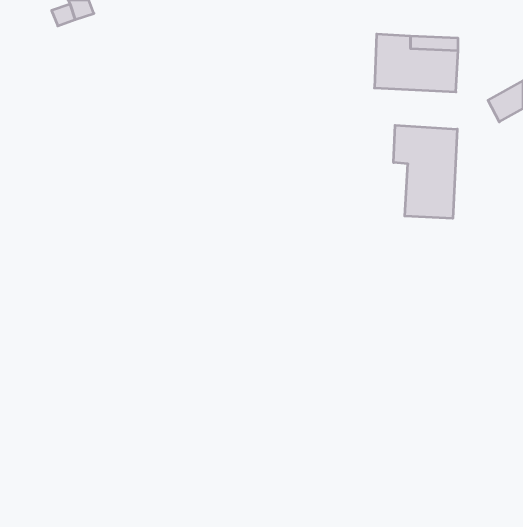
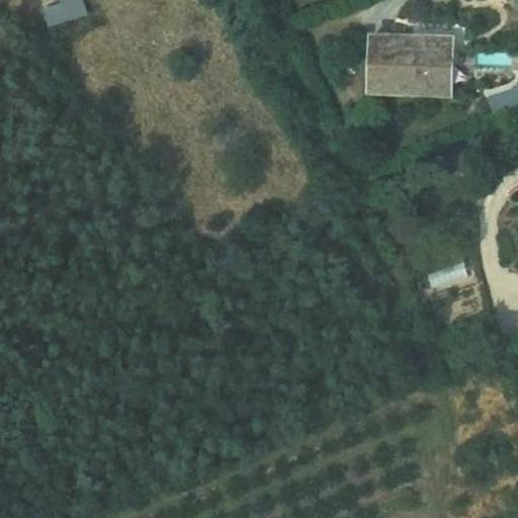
building: [394,125,457,218] -> none

